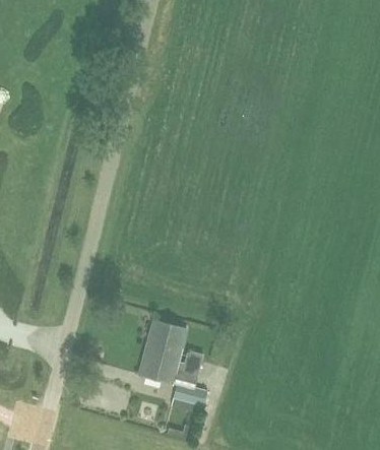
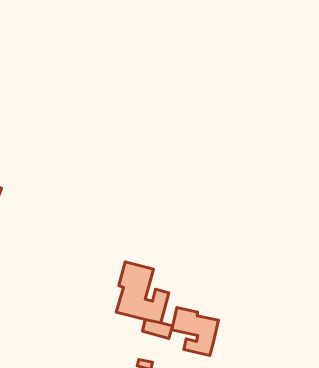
building: none -> [172,307,219,355]

